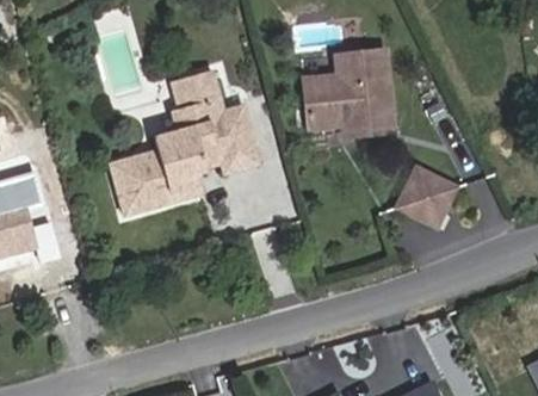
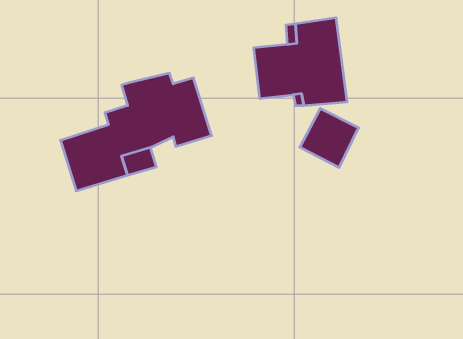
building: [171,72,219,111] -> none
building: [396,166,454,224] -> [300,109,359,167]

